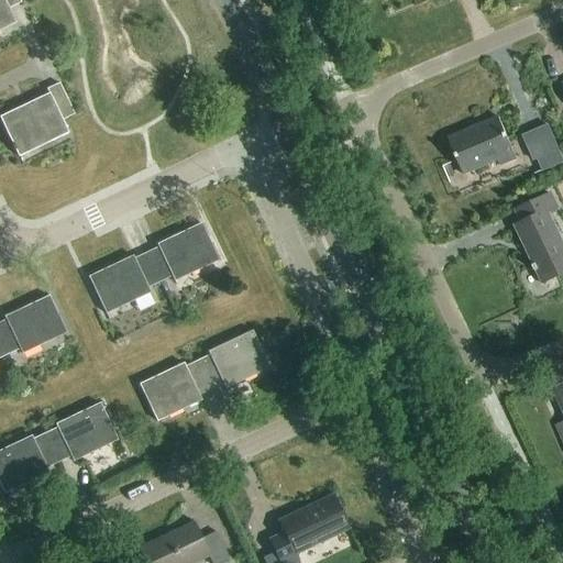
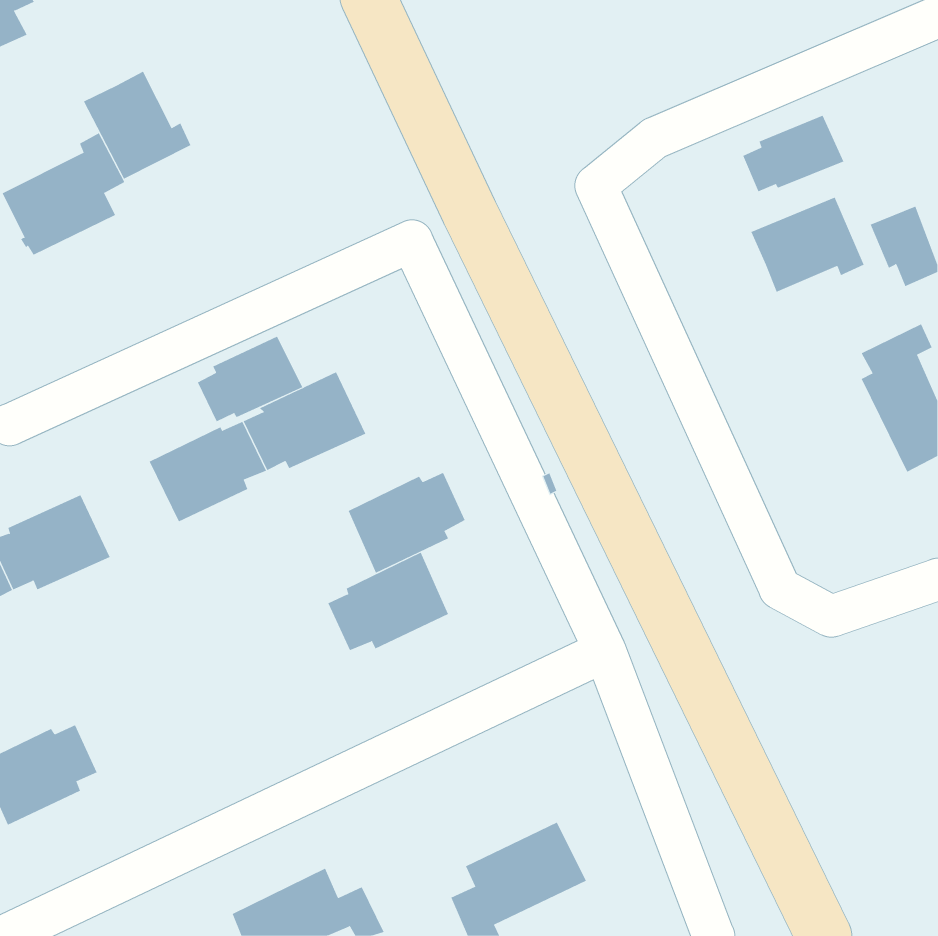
building: none -> [83,71,191,179]
building: none -> [743,115,844,192]
building: none -> [197,336,303,422]
building: [139,361,209,421] -> [348,472,465,573]
building: [45,404,117,462] -> none

